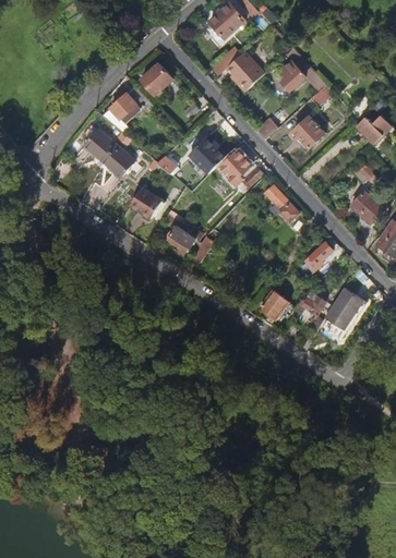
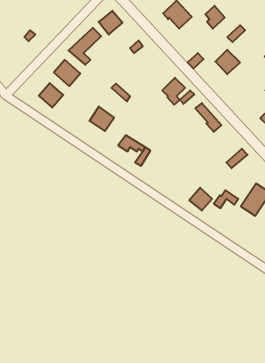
building: [189,136,227,174] -> none
building: [104,146,135,178] -> [39,83,63,108]

